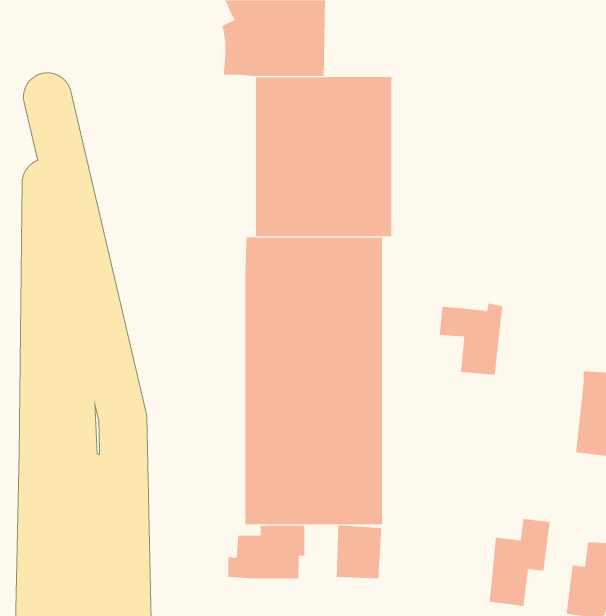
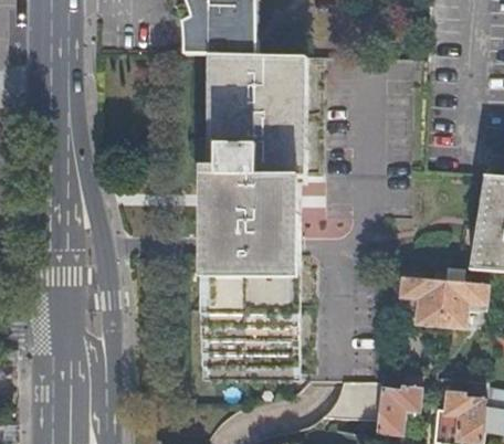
building: [439,303,503,375] -> [398,274,444,326]
building: [228,525,305,579] -> none
building: [336,525,382,579] -> [340,384,374,423]

